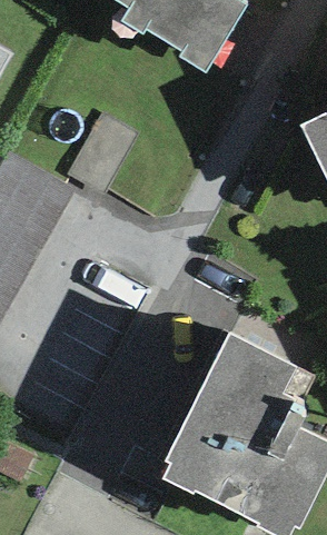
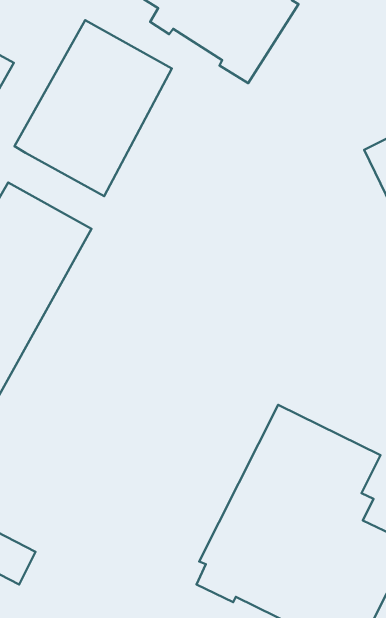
building: none -> [15,20,172,196]

